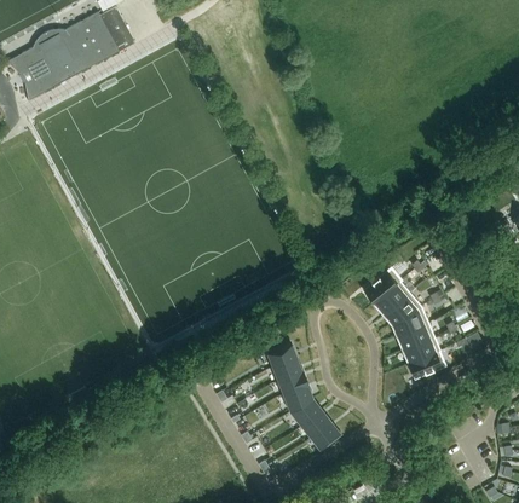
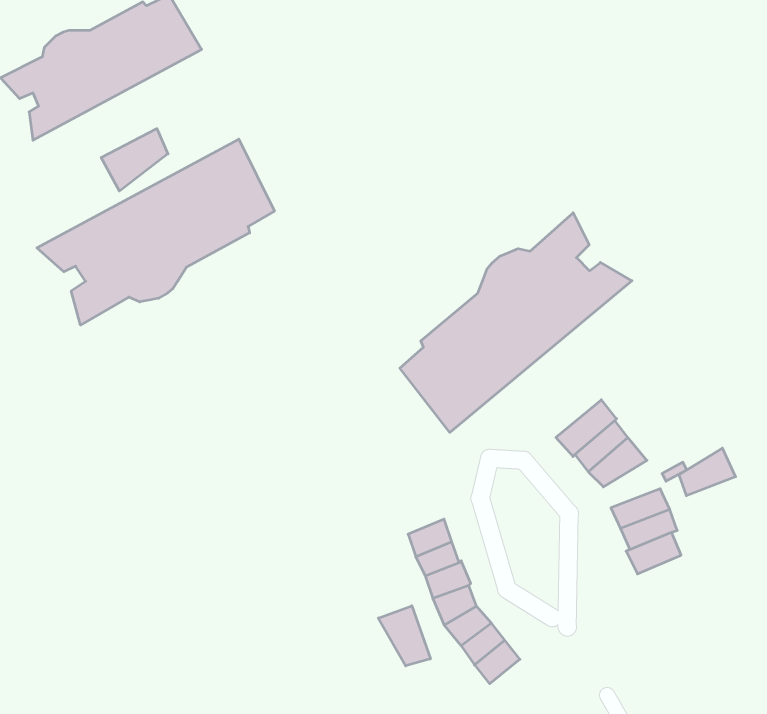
building: none -> [101,129,168,191]
building: none -> [37,139,274,325]
building: none -> [400,213,632,432]
building: [393,306,429,336] -> [679,448,736,496]
building: none -> [378,606,430,666]

